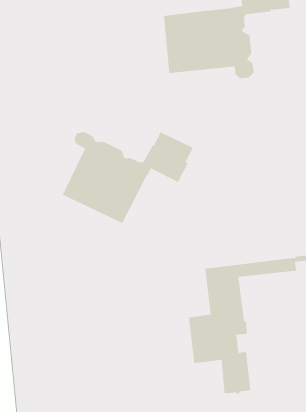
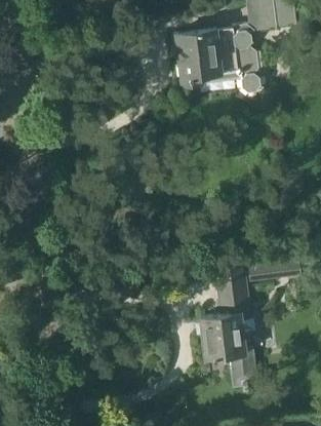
building: [62,131,193,224] -> none

